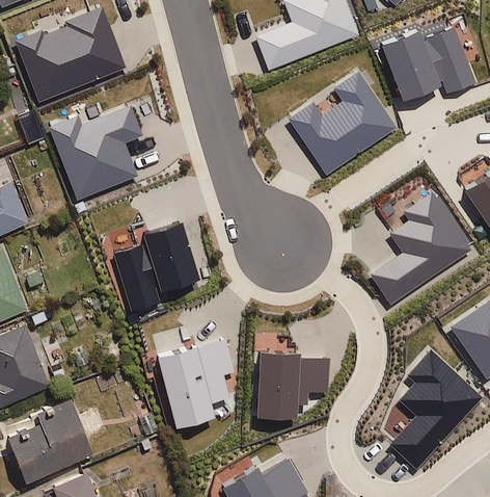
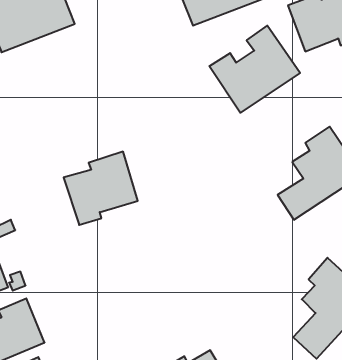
building: [49,105,143,201] -> none
building: [158,339,237,429] -> none
building: [260,352,329,418] -> none

